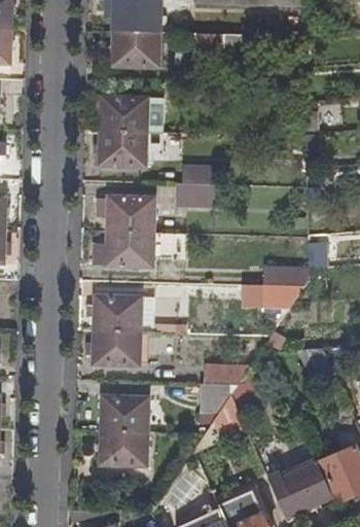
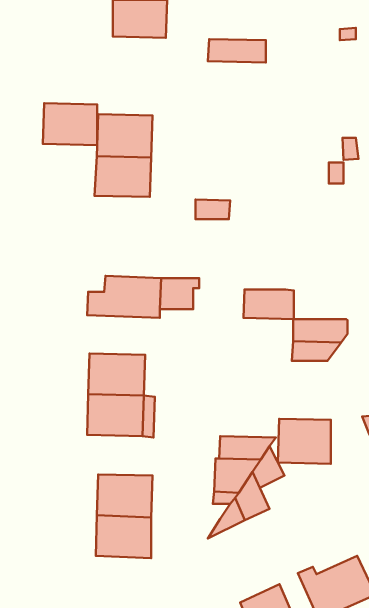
building: [113,31,158,66] -> [43,103,97,145]
building: [176,183,218,208] -> [243,289,294,319]
building: [98,196,153,232] -> none
building: none -> [278,419,331,464]

